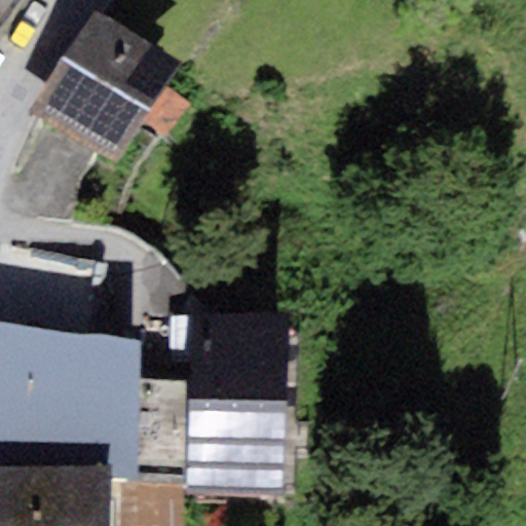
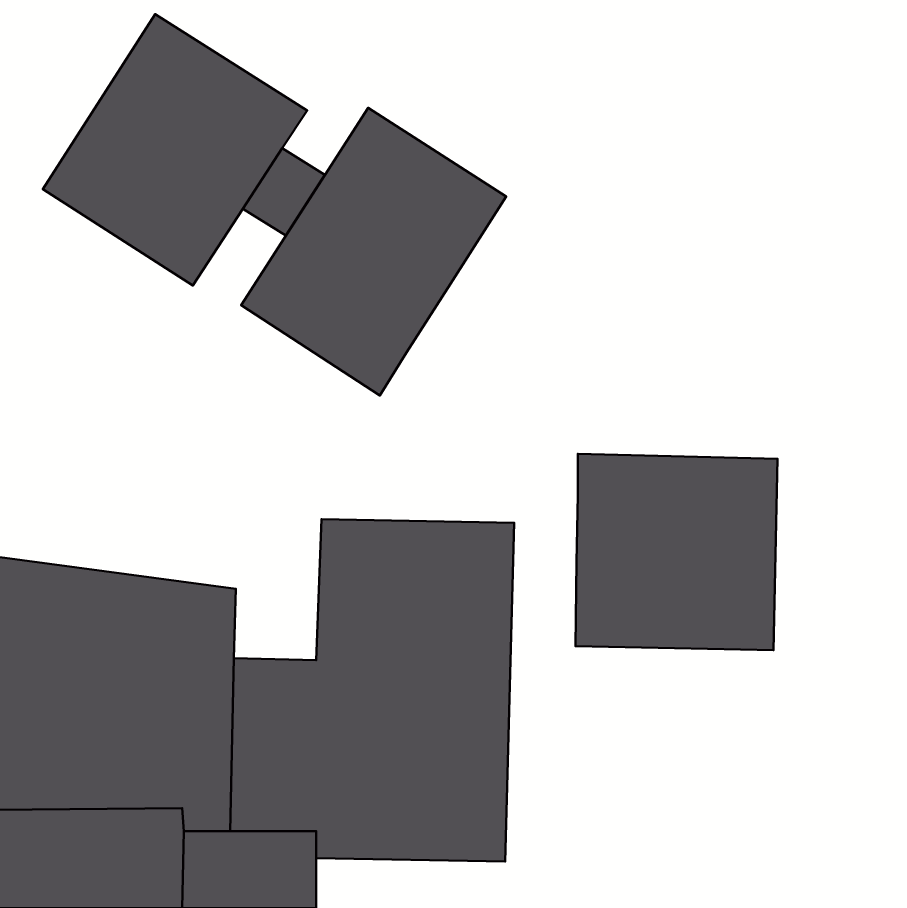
building: none -> [241,108,506,396]
building: none -> [575,454,777,650]

